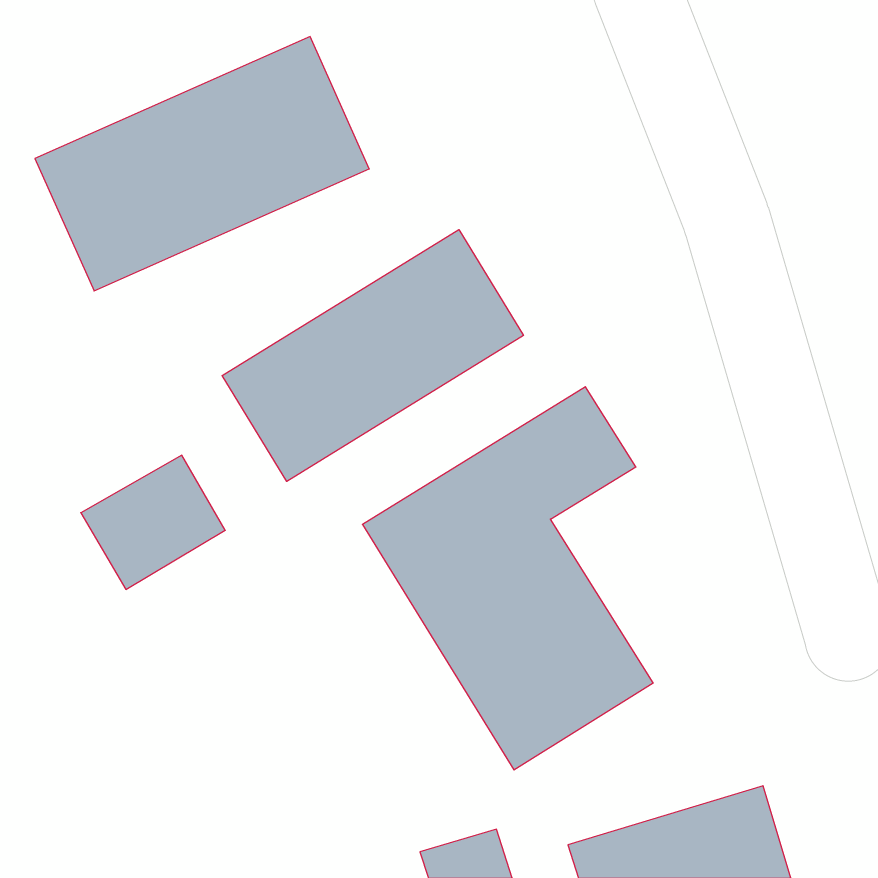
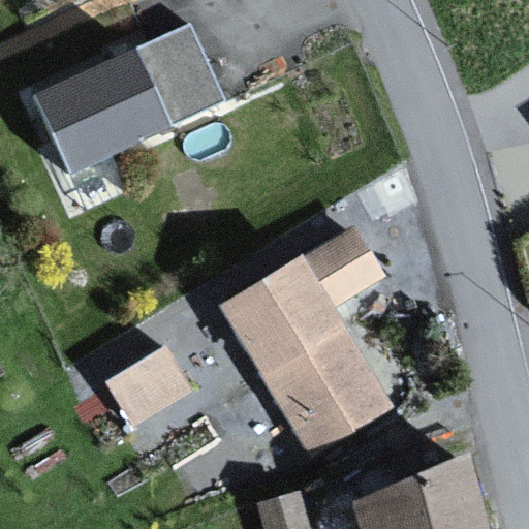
building: [222,230,523,481] -> none
building: [81,455,225,589] -> [103,349,189,429]

